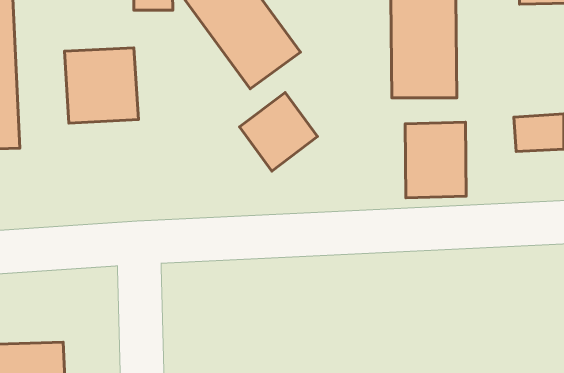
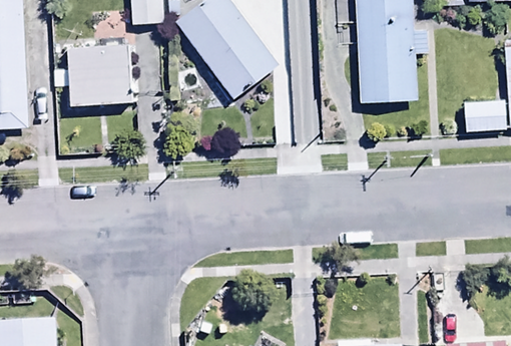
building: [239,92,317,171] -> none
building: [405,122,466,198] -> none

